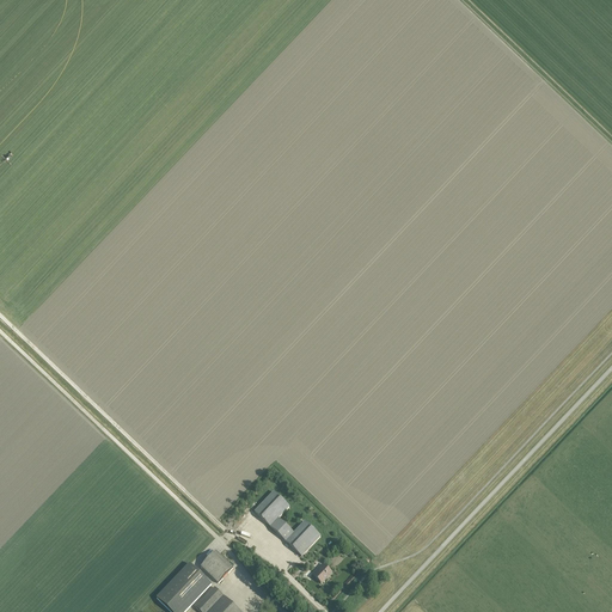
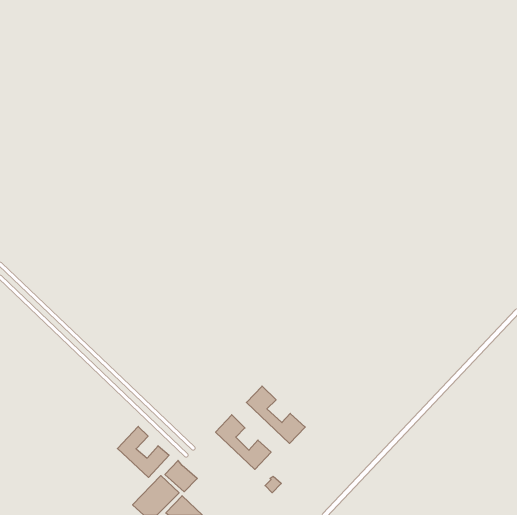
building: none -> [246,386,305,443]
building: none -> [117,426,169,477]

